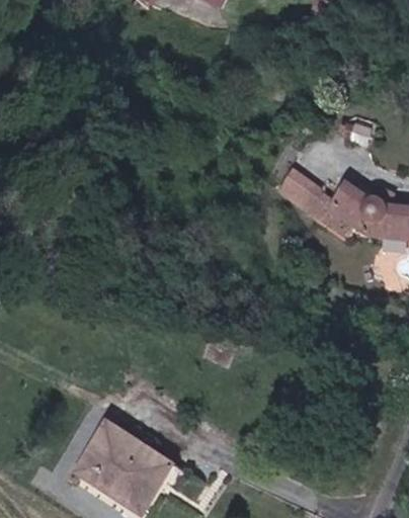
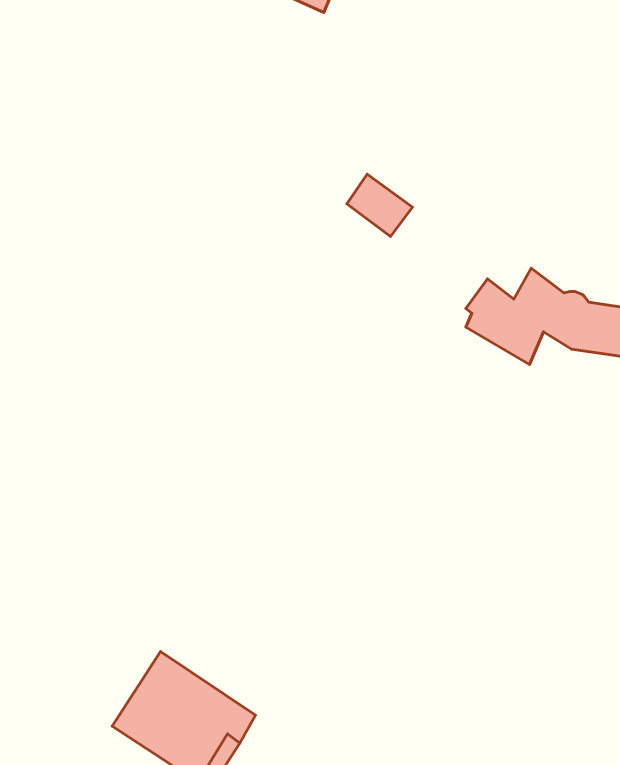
building: [277,163,320,203] -> [347,174,412,237]

